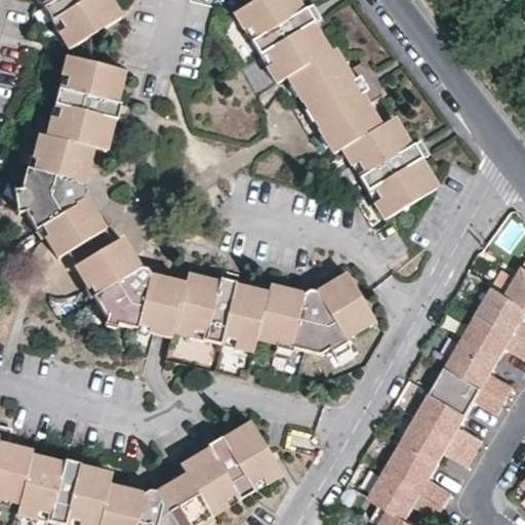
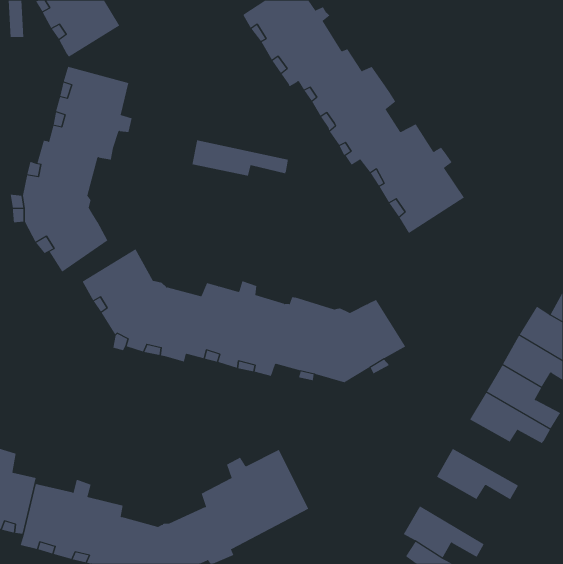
building: none -> [192,139,288,177]
building: [420,390,489,451] -> none
building: [390,443,458,506] -> none

